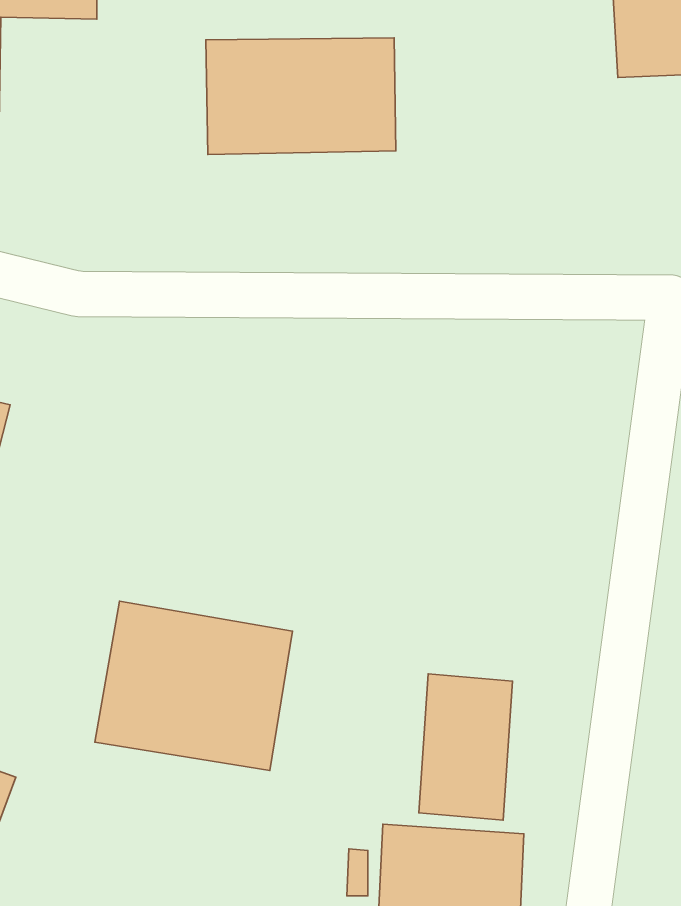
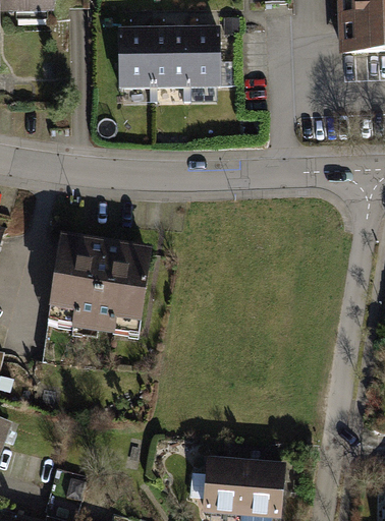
building: [95,601,293,770] -> [50,233,157,325]
building: [419,674,513,820] -> none

